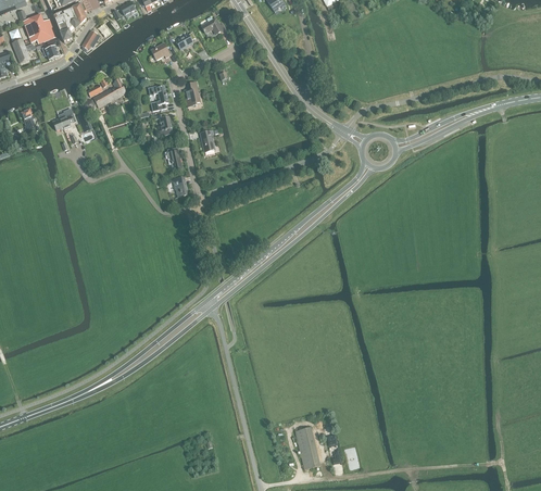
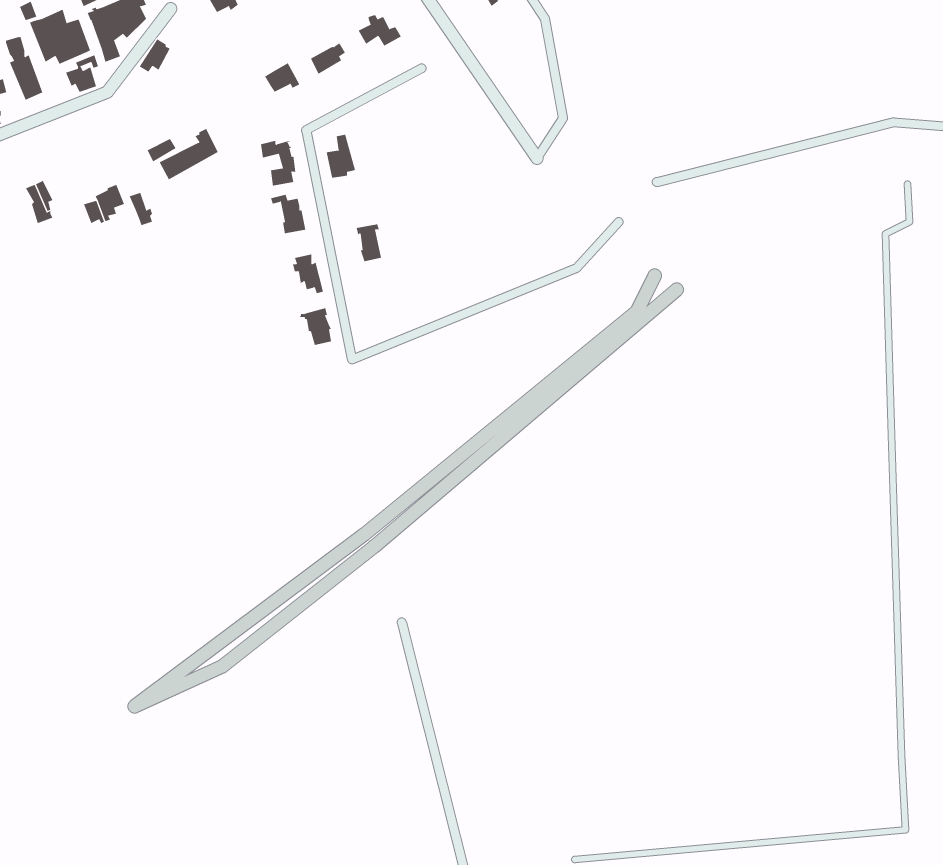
building: [294,427,319,469] -> none

